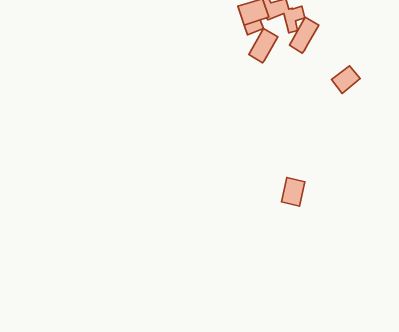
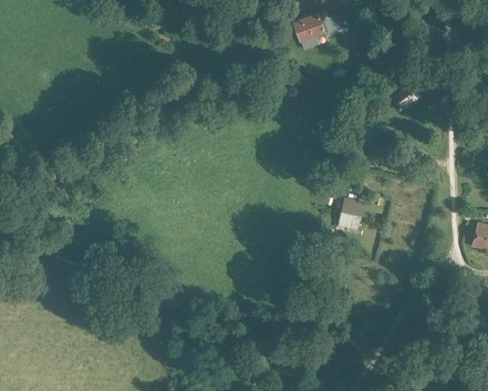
building: [290,17,319,53] -> none
building: [249,28,278,63] -> none

